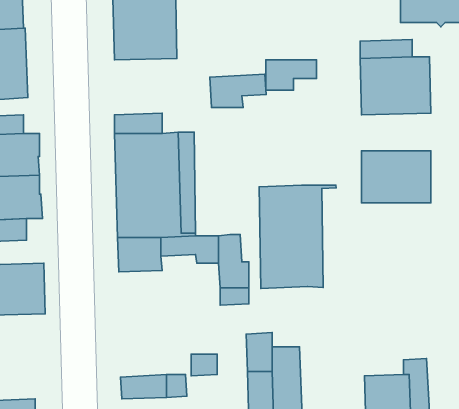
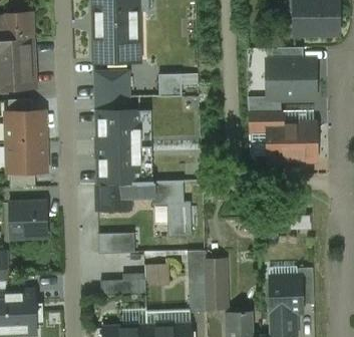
building: [266,60,316,90] -> [248,110,283,131]
building: none -> [95,71,128,98]
building: [259,185,336,289] -> none
building: none -> [98,232,134,253]

